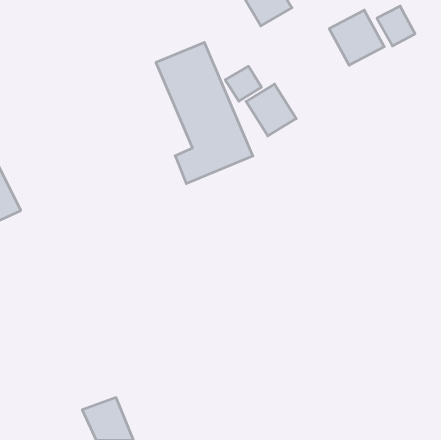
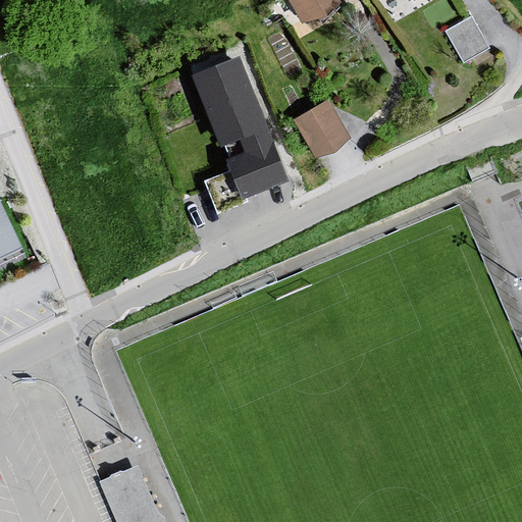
building: [329,10,384,65] -> none
building: [225,66,261,101] -> none

